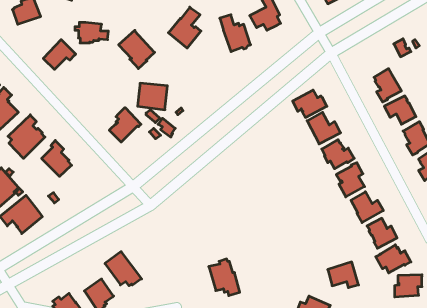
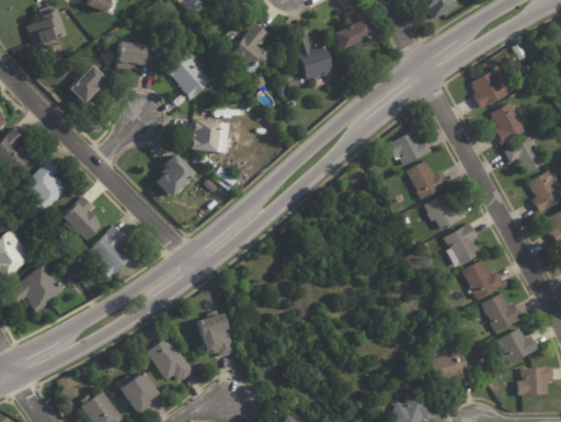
building: none -> [469,69,506,107]
building: none -> [91,226,137,281]
building: [209,259,240,296] -> [196,311,236,358]

